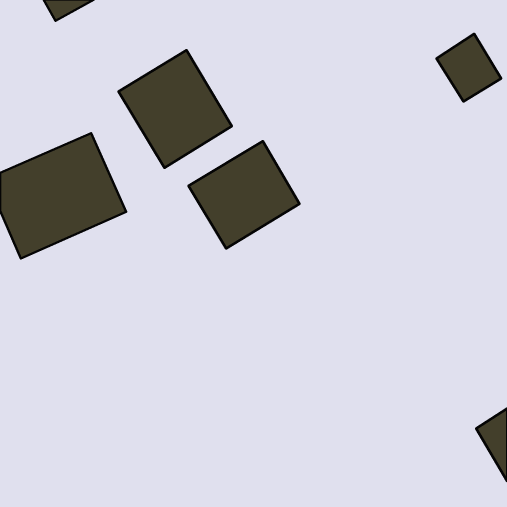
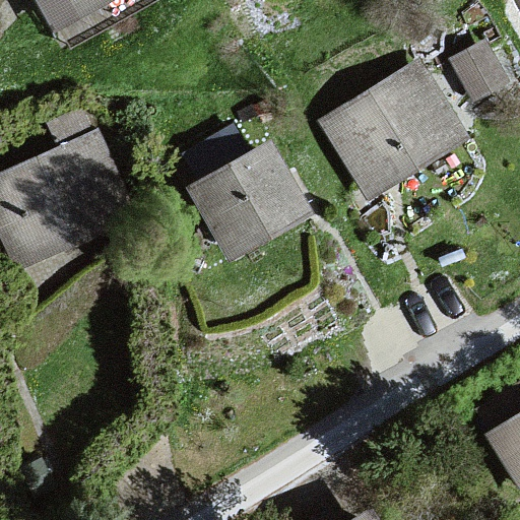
building: [118,50,232,168] -> none
building: none -> [326,63,464,194]

